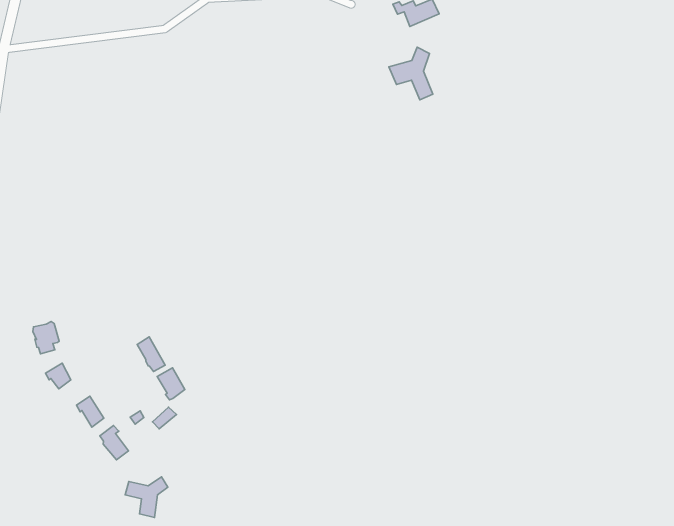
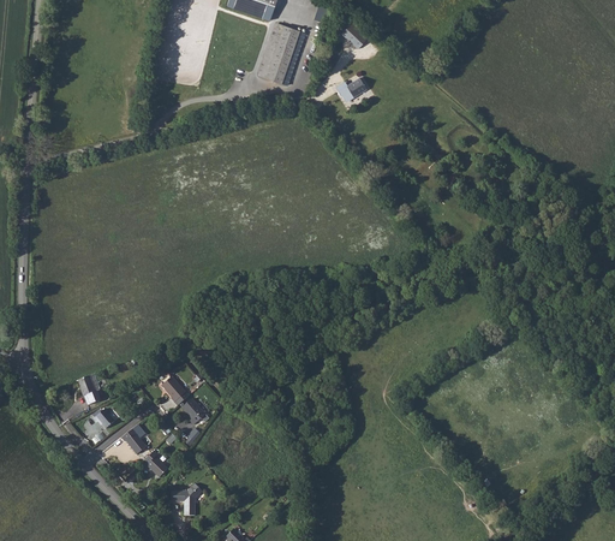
building: [389,47,433,100] -> none

